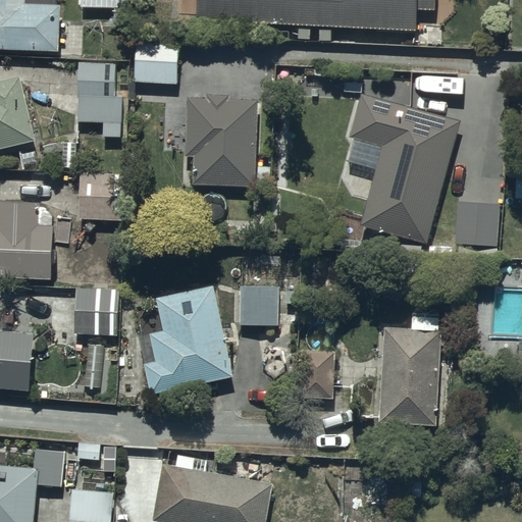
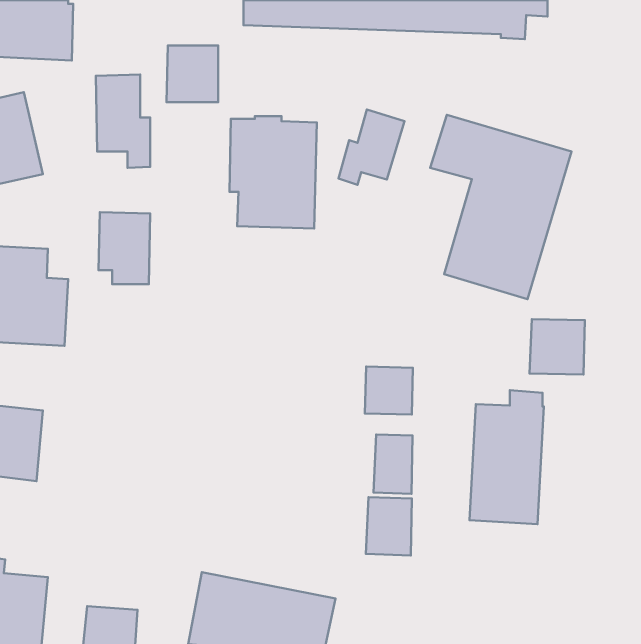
building: none -> [338,110,404,185]
building: [453,201,498,246] -> [529,319,585,375]
building: [144,285,234,395] -> none
building: [239,286,277,325] -> [365,367,413,415]
building: [74,288,117,335] -> none
building: none -> [366,497,412,555]

